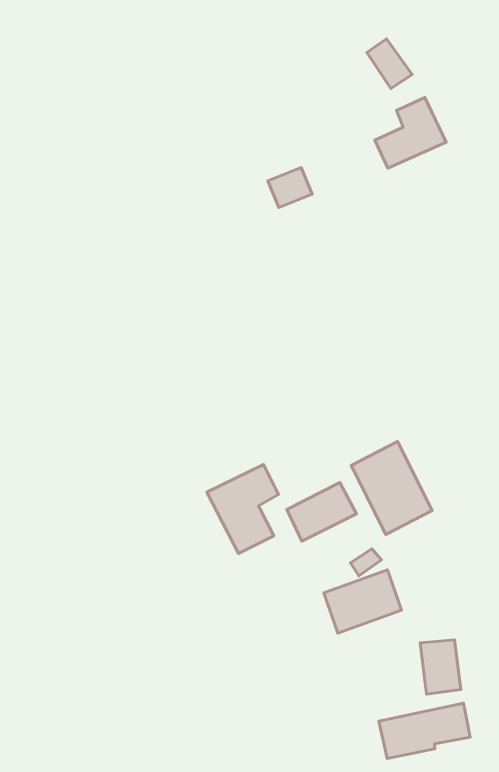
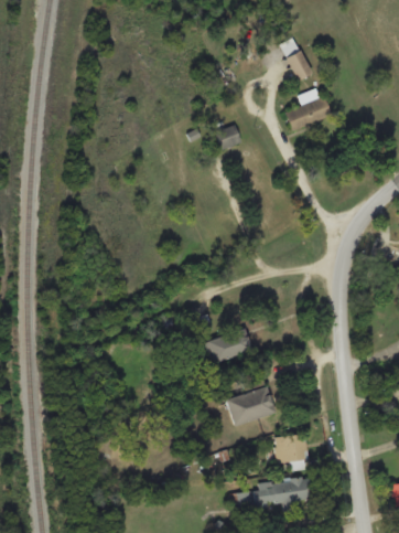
building: [351,442,432,534] -> none
building: [207,465,279,553] -> none

